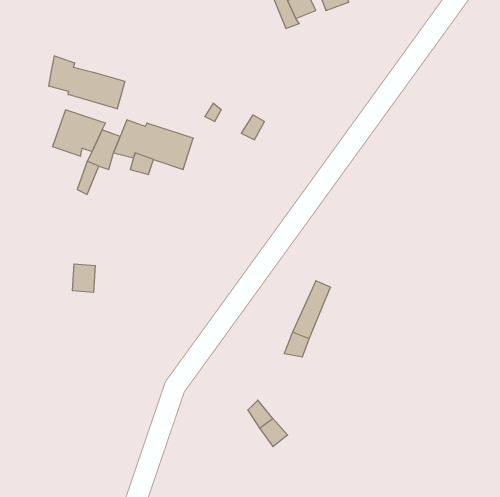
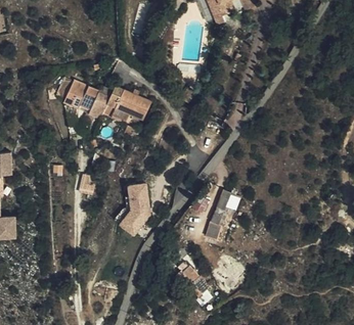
building: [49,56,125,109] -> none
building: none -> [118,183,147,233]

